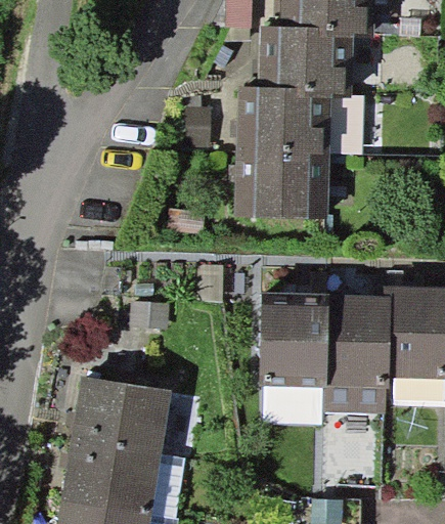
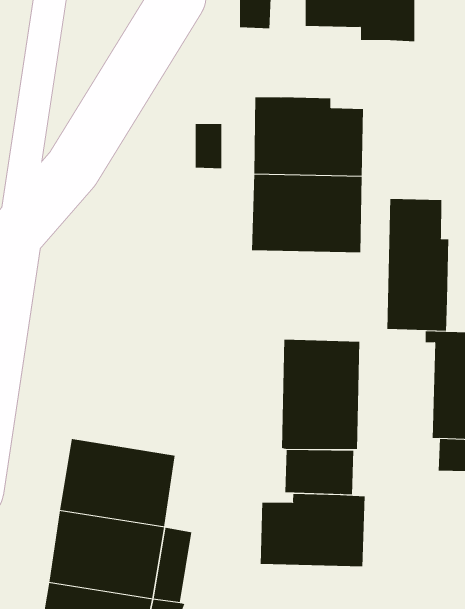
building: [261,24,354,95] -> none
building: none -> [387,198,449,331]
building: [326,294,392,412] -> none
building: none -> [260,493,365,567]

